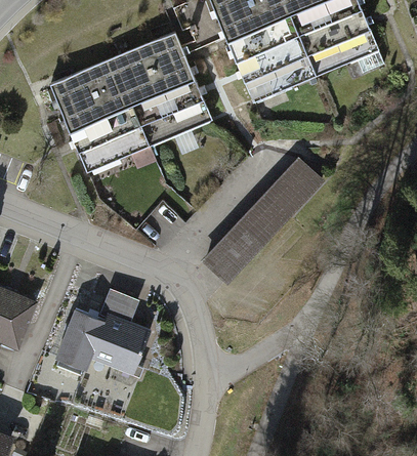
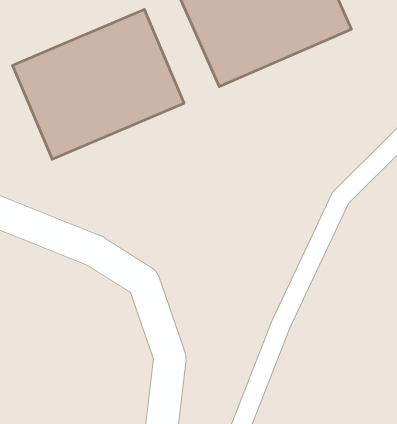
building: [198,158,323,286] -> none
building: [57,289,156,376] -> none

